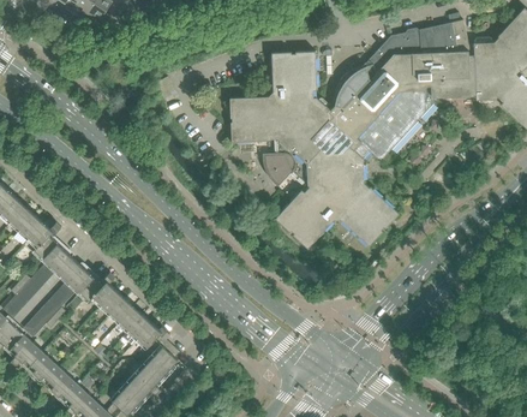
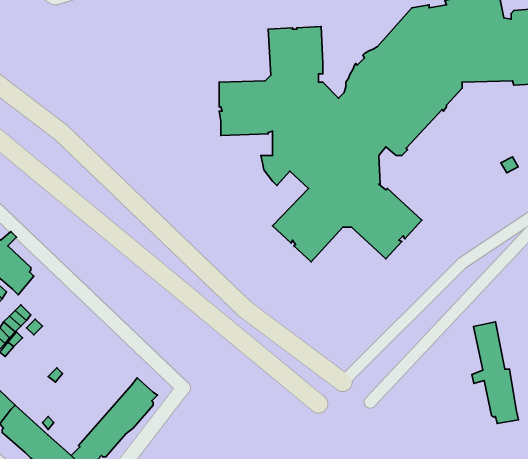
building: [61,260,179,357] -> none
building: none -> [472,322,519,423]

